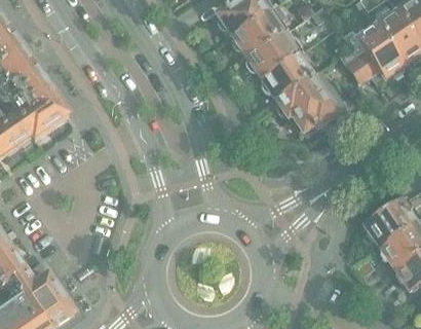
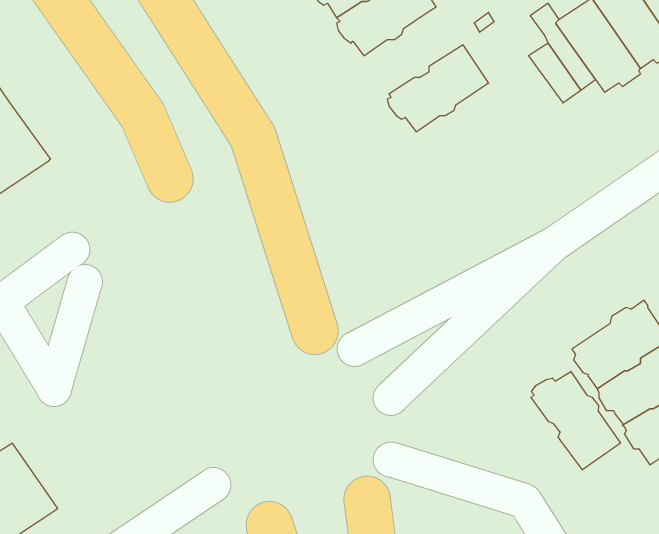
building: [244,31,302,77] -> none
building: [274,69,344,136] -> none
building: none -> [531,371,620,470]

